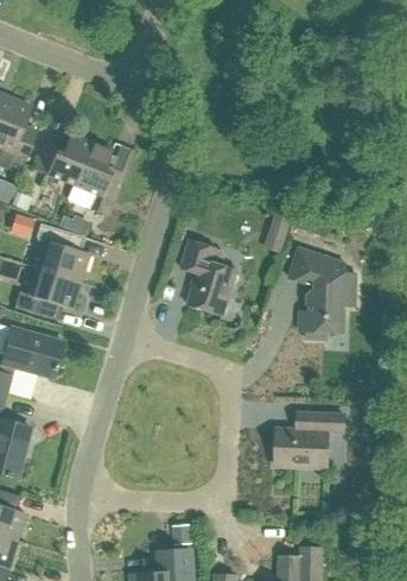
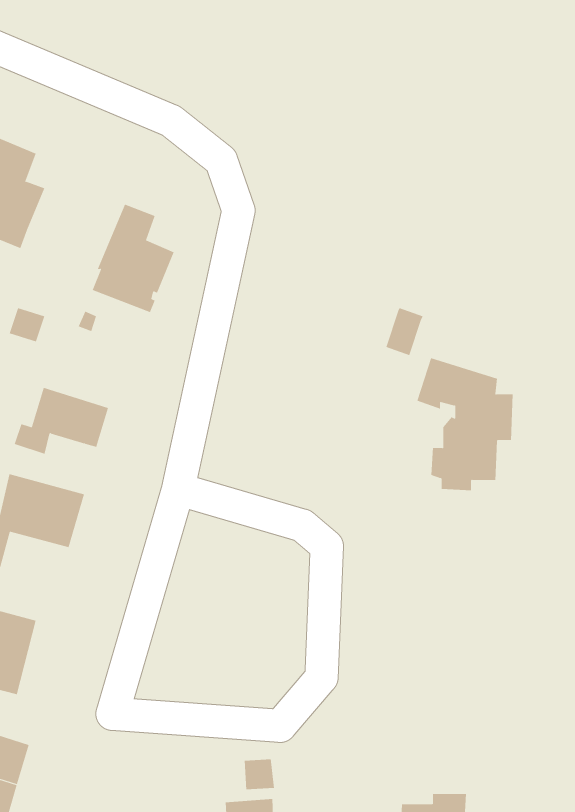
building: [33,133,90,187] -> none
building: [34,223,89,282] -> none
building: [182,240,239,314] -> none
building: [276,412,345,467] -> none

